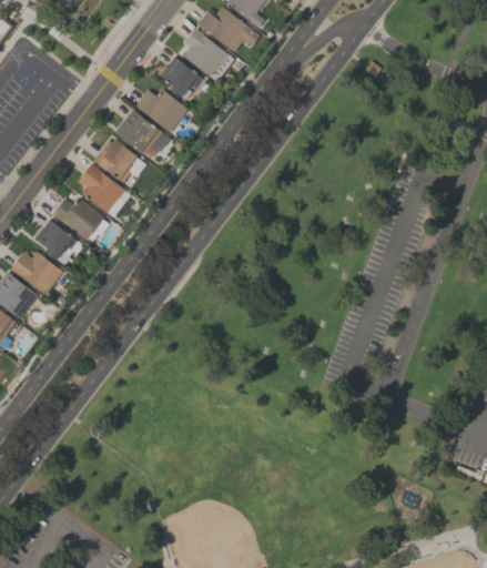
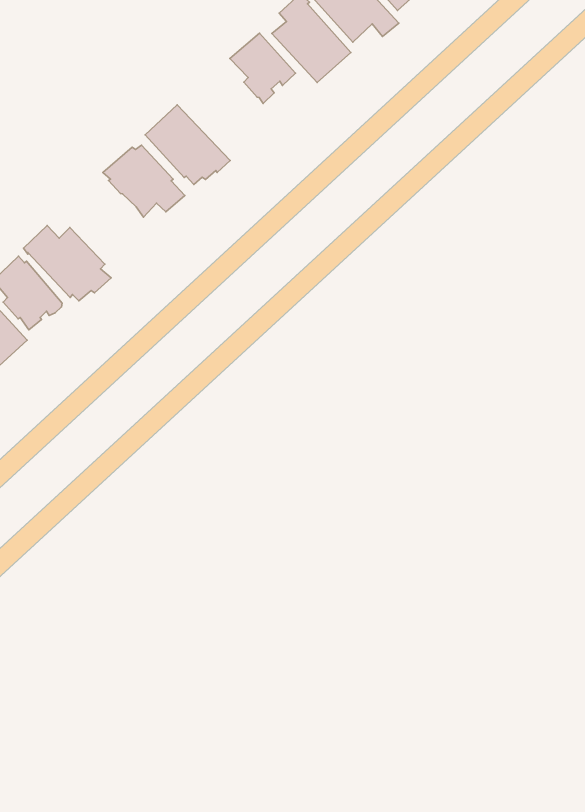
building: [135,88,187,132] -> none
building: [78,163,125,213] -> none

